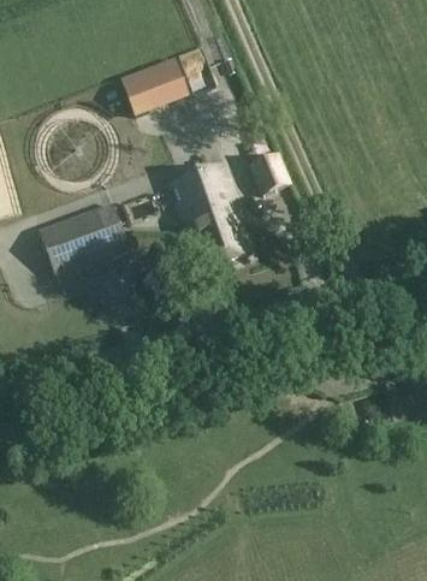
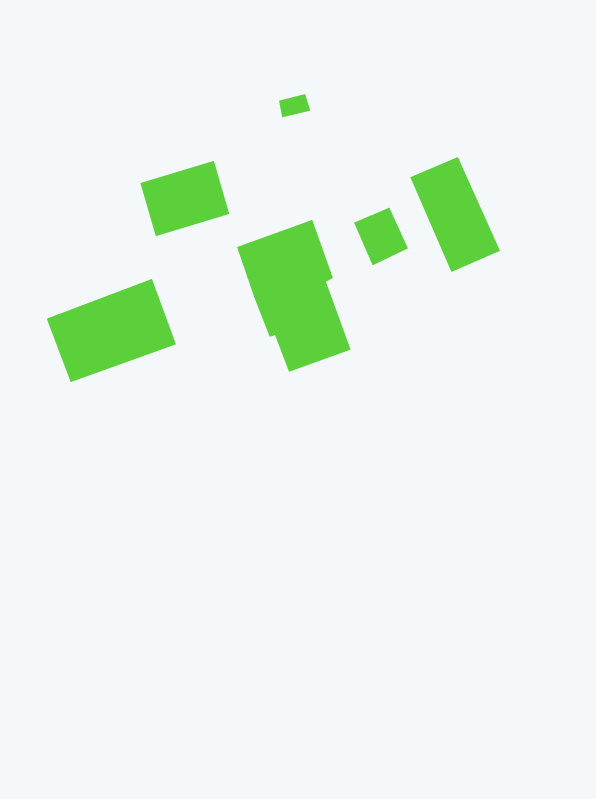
building: [131,51,194,103] -> [140,160,230,237]
building: none -> [410,156,501,273]

